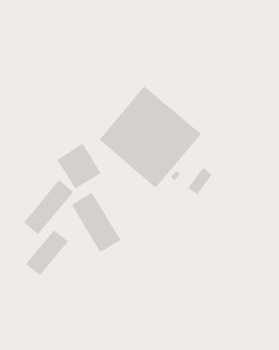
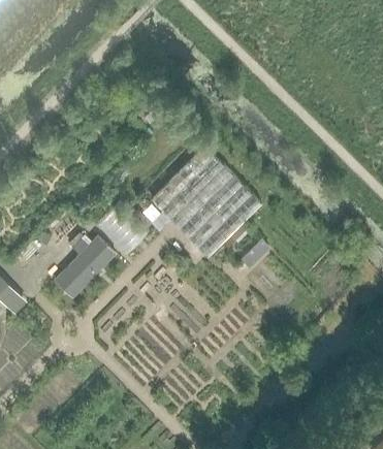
building: [71,192,121,253] -> none
building: [25,229,69,276] -> none

